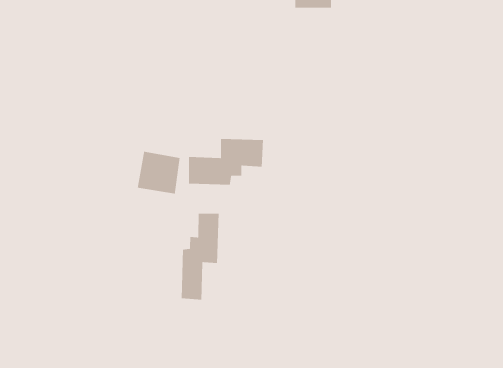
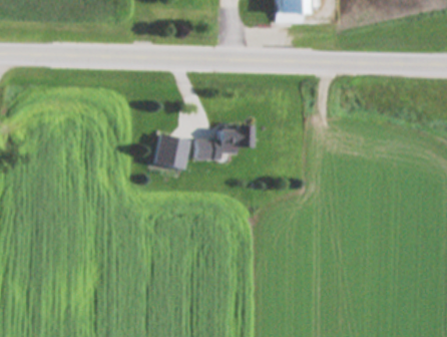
building: [181,213,219,300] -> none

